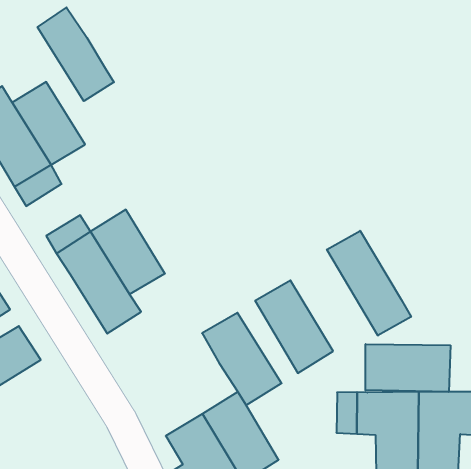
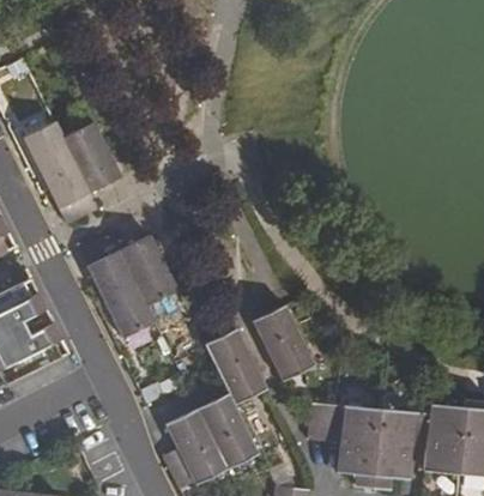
building: [38,7,114,101] -> none
building: [327,231,411,336] -> none
building: [365,344,450,392] -> none

